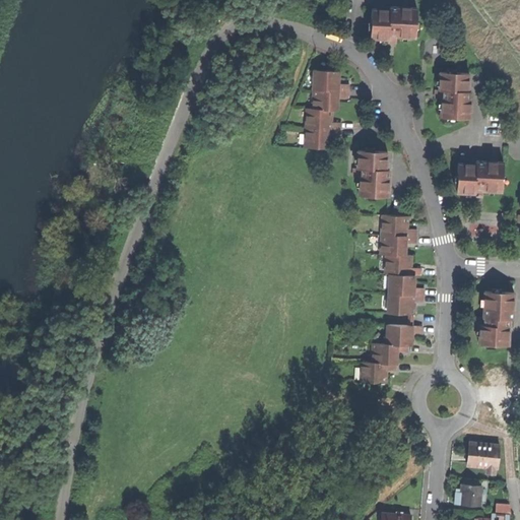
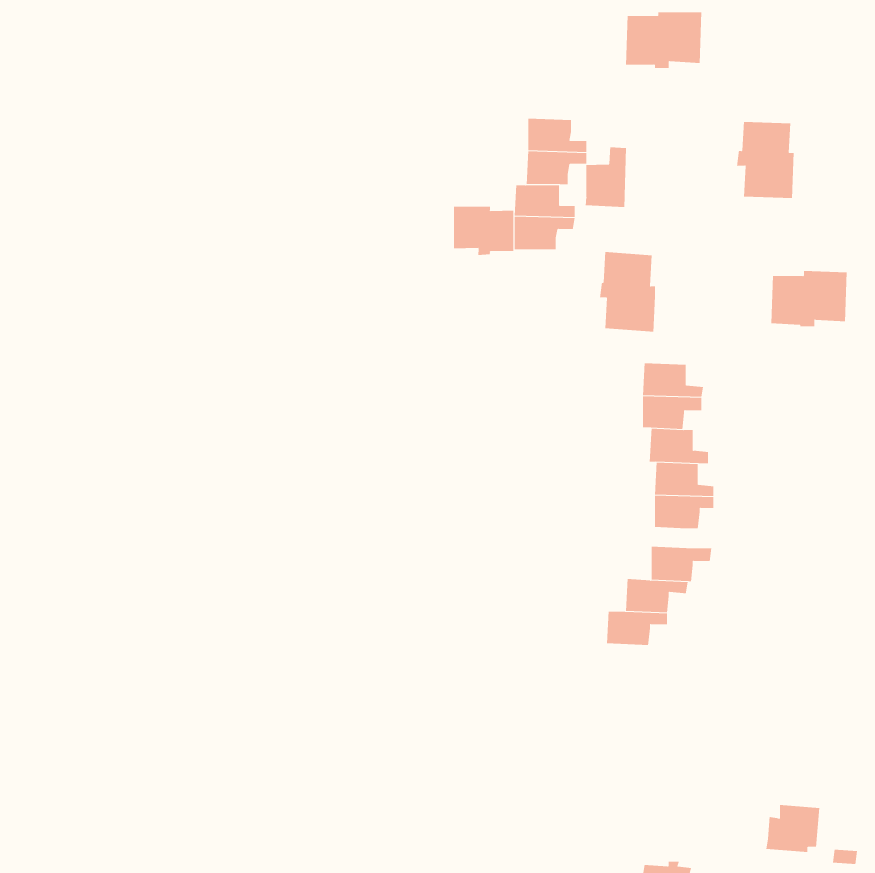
building: none -> [585,147,626,208]
building: none -> [453,206,514,256]
building: [478,292,514,346] -> none
building: [467,443,500,474] -> none

